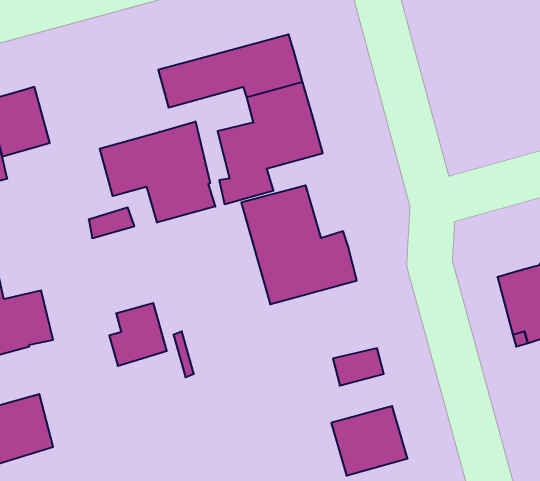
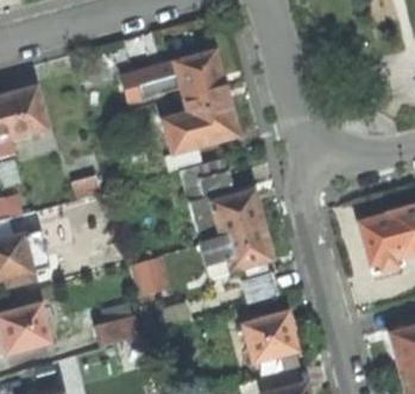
building: [100,121,215,223] -> none
building: none -> [200,224,270,274]
building: [109,303,167,366] -> [98,300,138,344]

